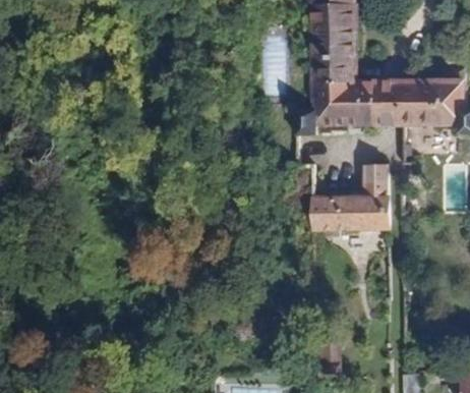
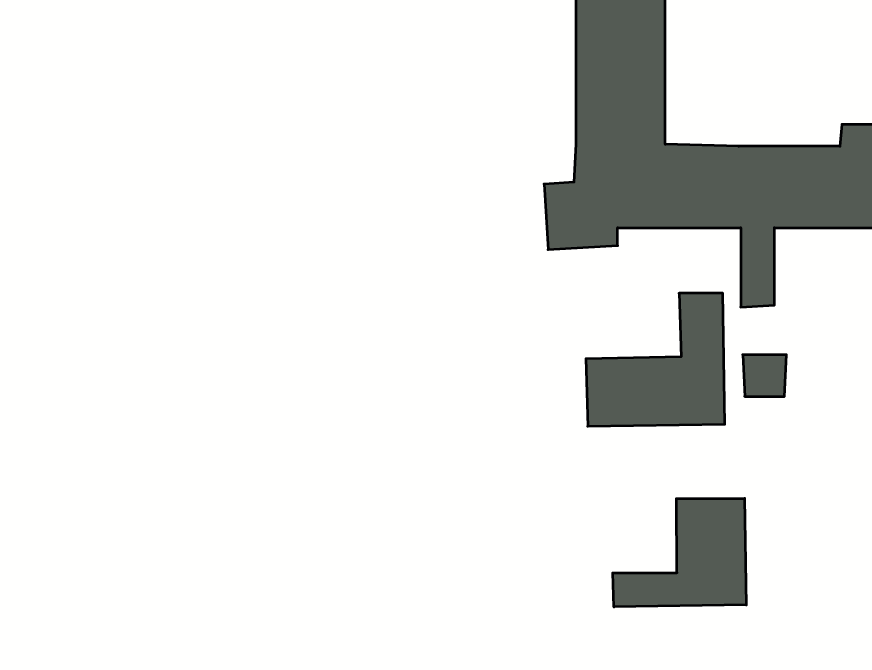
building: none -> [613,498,746,607]

